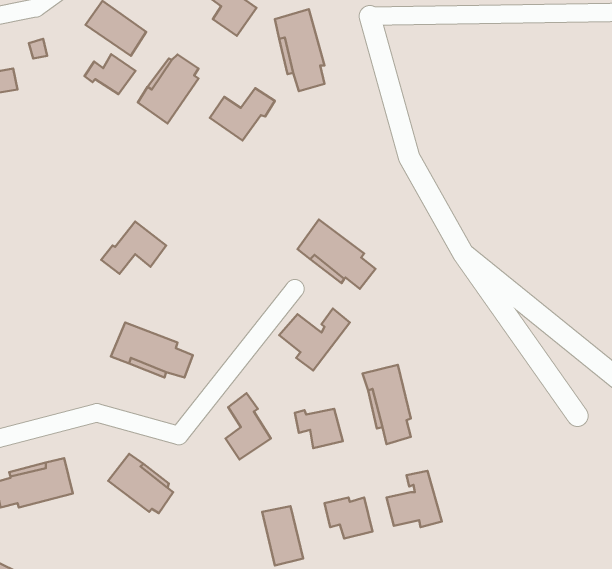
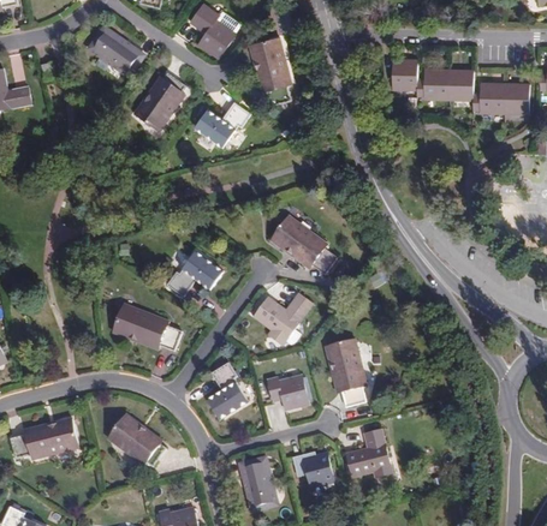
building: none -> [392,59,529,116]
building: [85,54,135,94] -> none
building: [101,222,166,274] -> [166,251,221,295]

